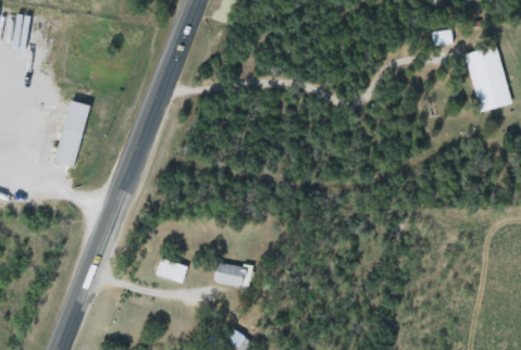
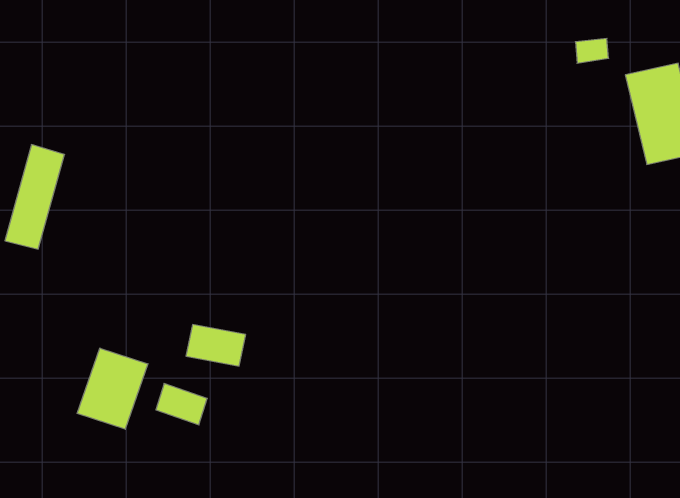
building: none -> [77,348,148,429]
building: [212,261,251,288] -> [186,325,246,366]

